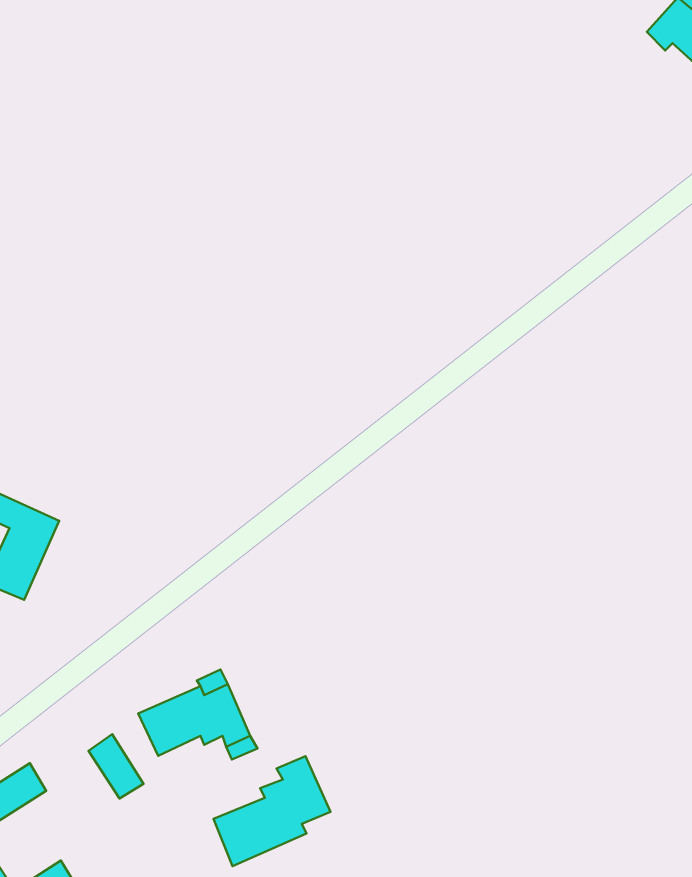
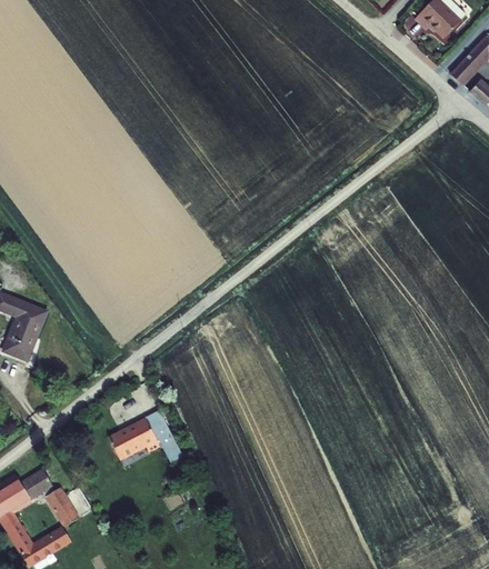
building: [88,734,144,799] -> [43,482,77,521]
building: [214,756,331,866] -> none

